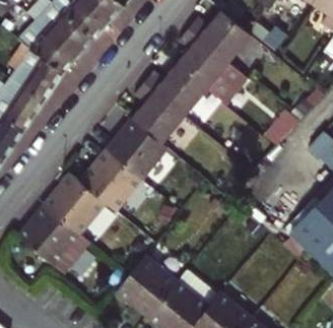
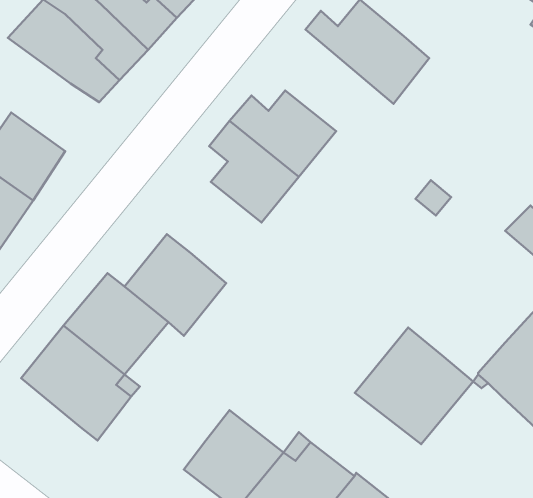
building: [176,27,245,103] -> none
building: [11,48,64,101] -> none
building: [105,118,166,180] -> none
building: none -> [355,328,473,444]

